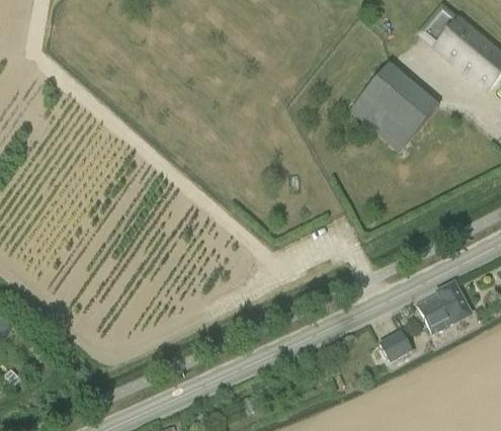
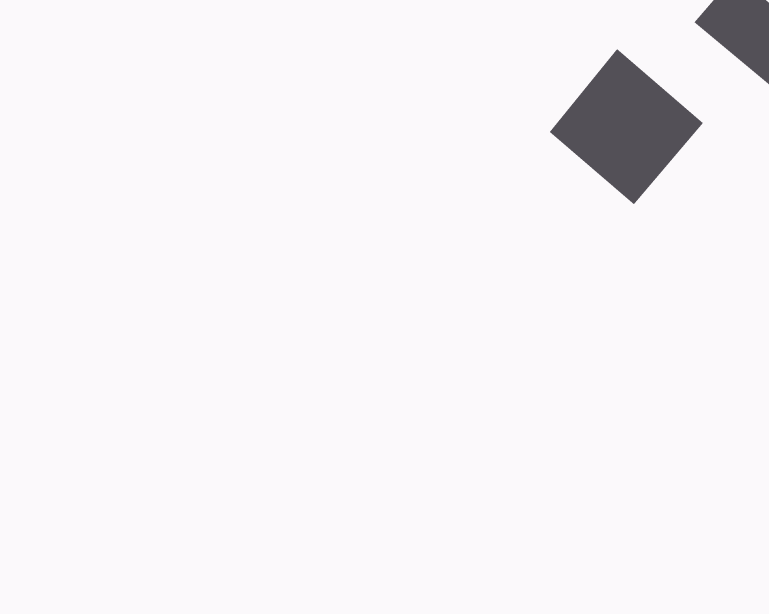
building: [416,282,471,333] -> none
building: [379,328,413,361] -> none

